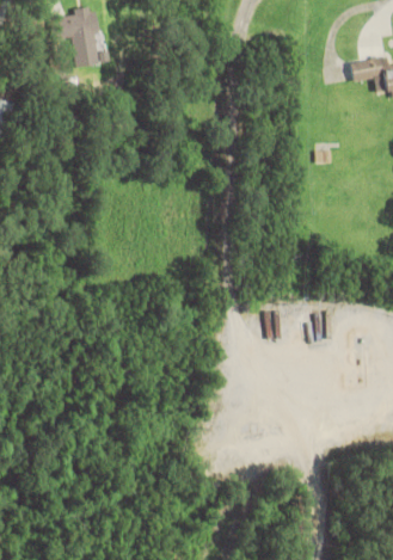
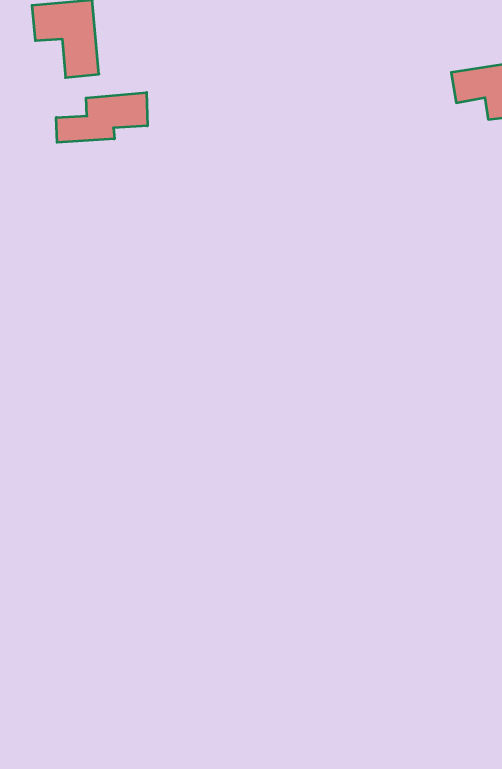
building: none -> [56,92,147,142]

